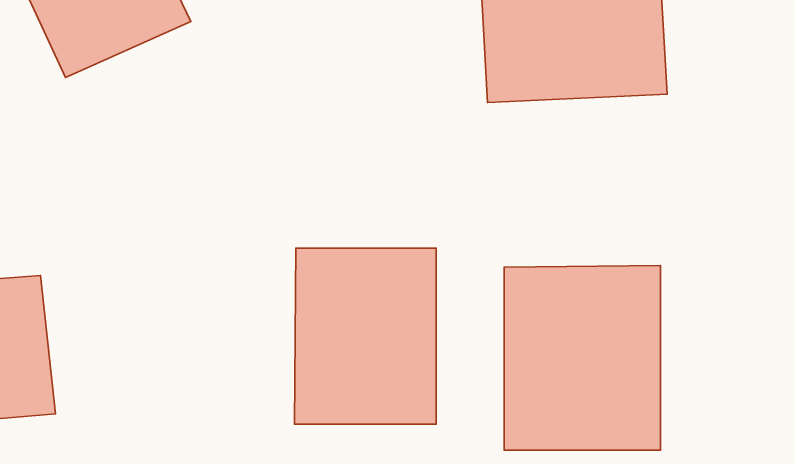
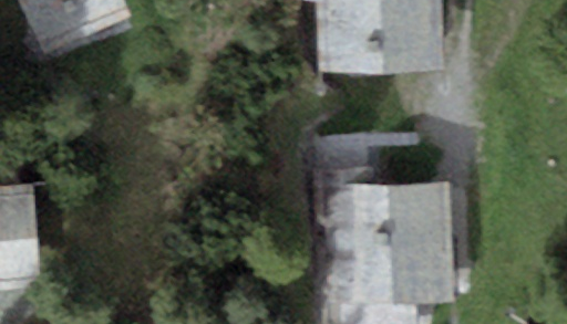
building: [295,248,436,424] -> none

